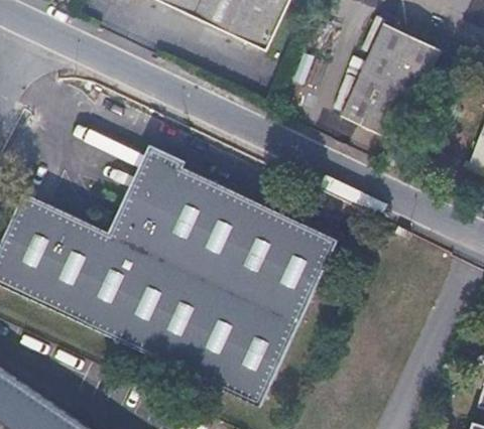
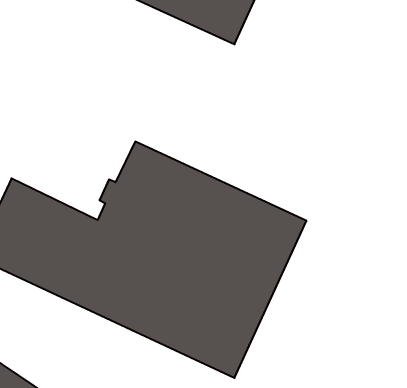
building: [344,20,443,140] -> none

